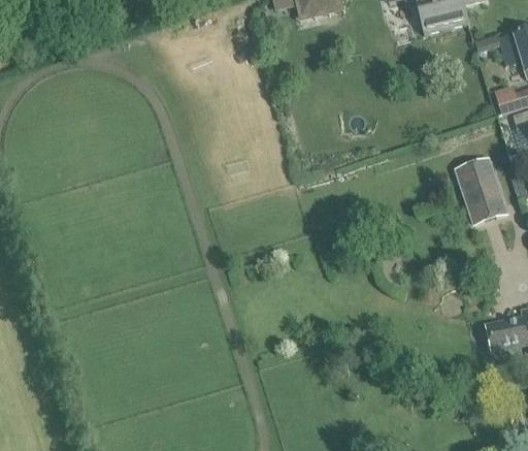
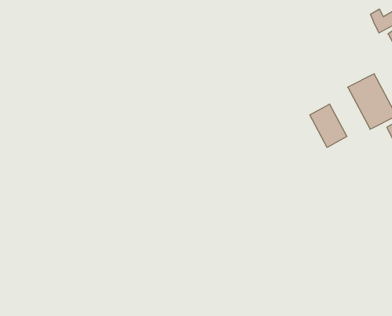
building: none -> [310,104,347,147]

